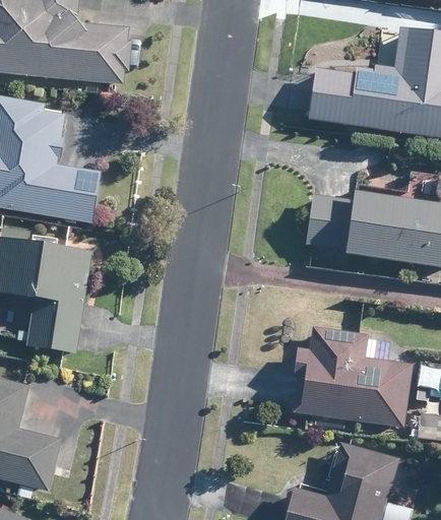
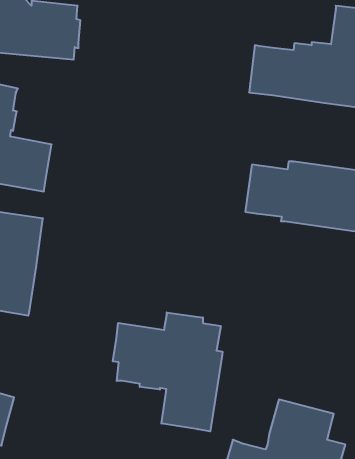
building: [292,326,412,428] -> none
building: none -> [113,312,222,431]

